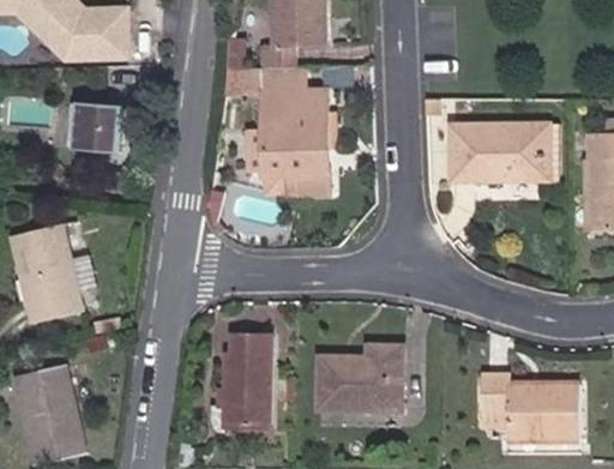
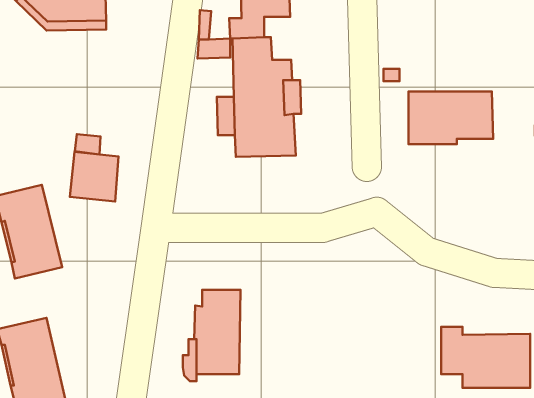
building: [70,100,121,152] -> [70,152,118,201]
building: [501,122,555,180] -> none
building: [319,345,401,409] -> none

